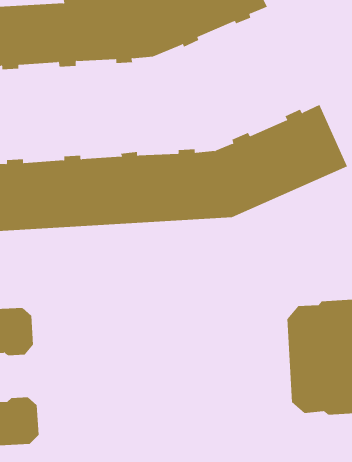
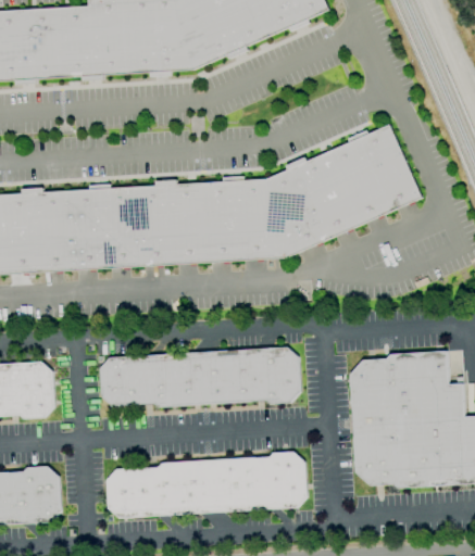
building: none -> [100,346,300,406]
building: none -> [107,451,307,517]

